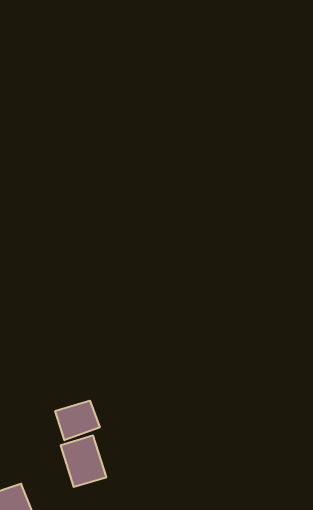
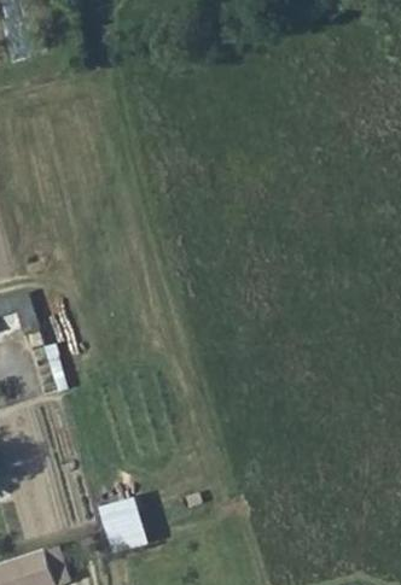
building: [55,401,100,440] -> none

